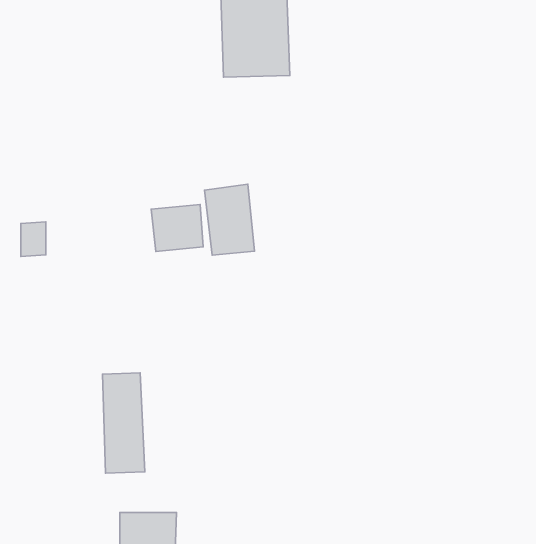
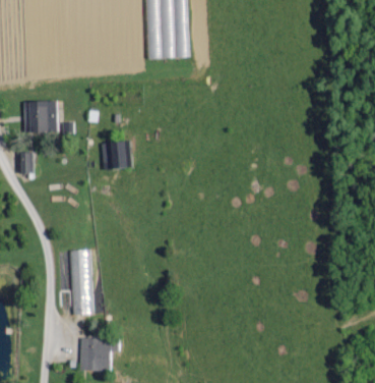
building: none -> [23,101,58,132]
building: [204,184,254,255] -> none

